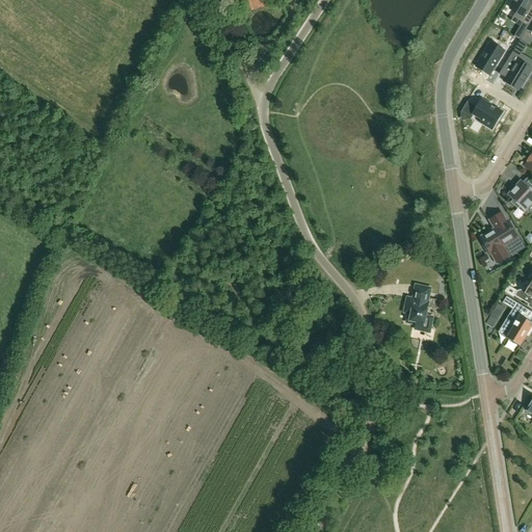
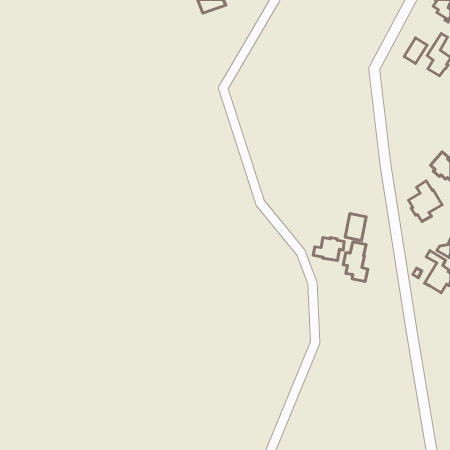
building: [462,99,503,127] -> none
building: none -> [345,214,366,240]
building: none -> [313,237,344,261]

